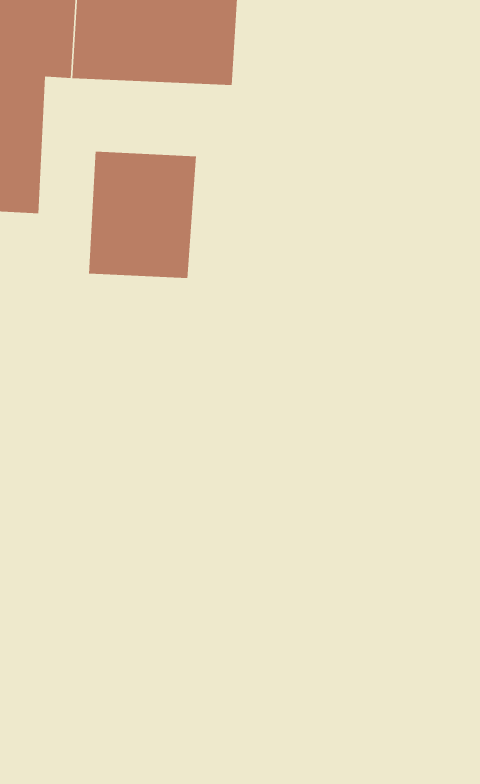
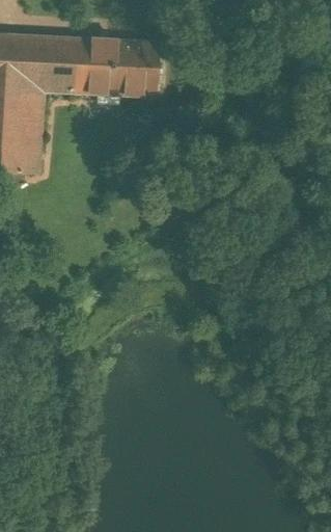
building: [89,151,196,279] -> none

